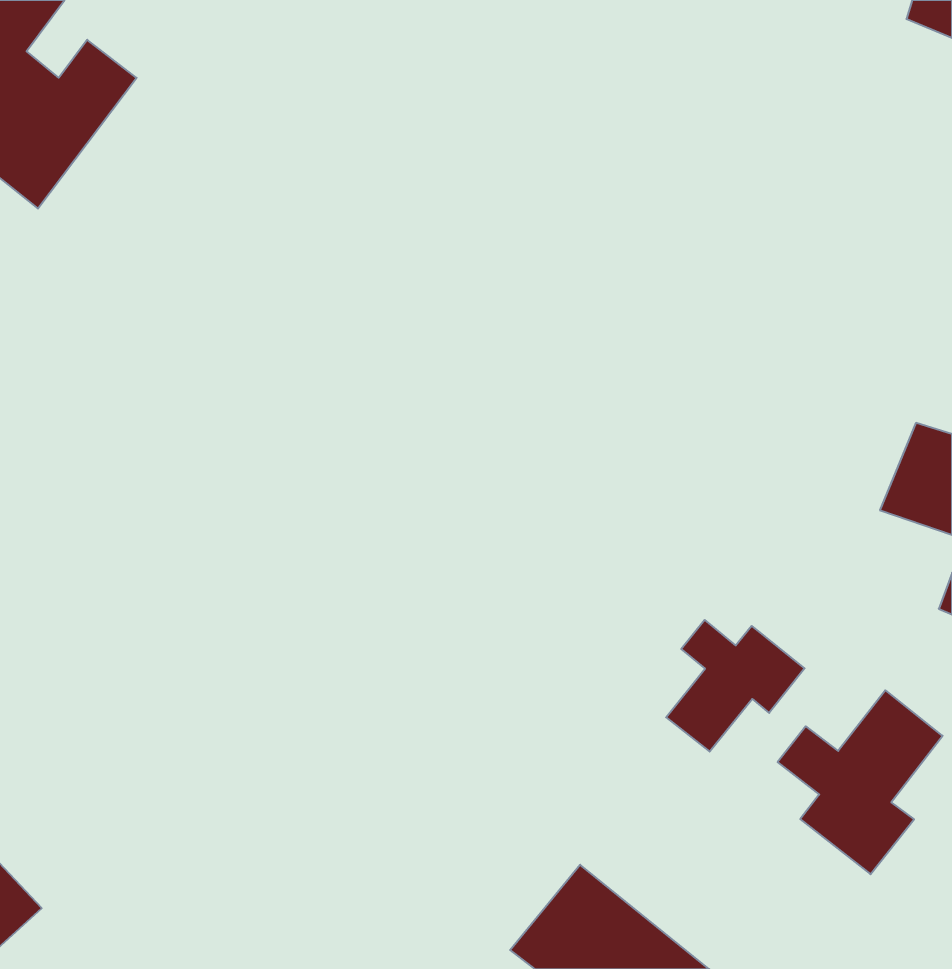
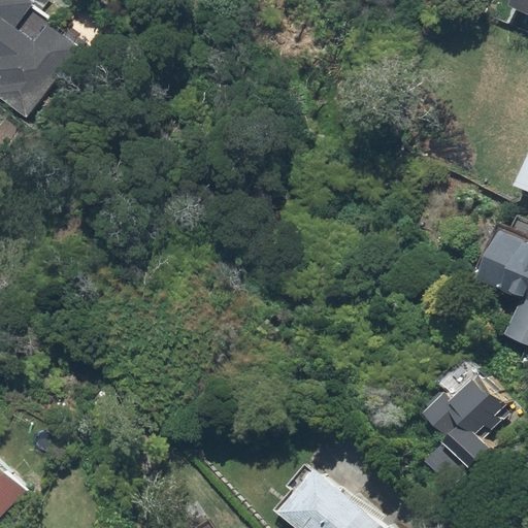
building: [666,620,805,752] -> none

